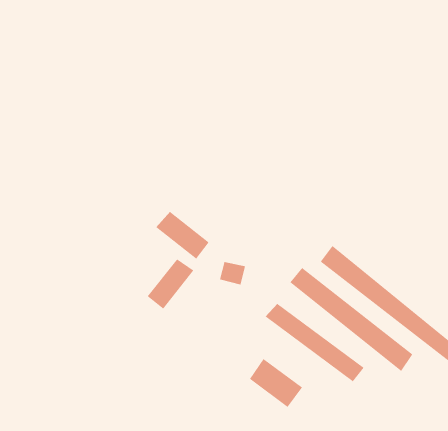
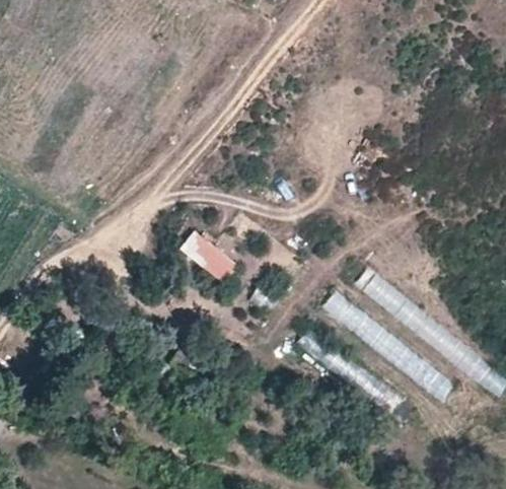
building: [147,258,194,309] -> none
building: [249,358,303,408] -> none

